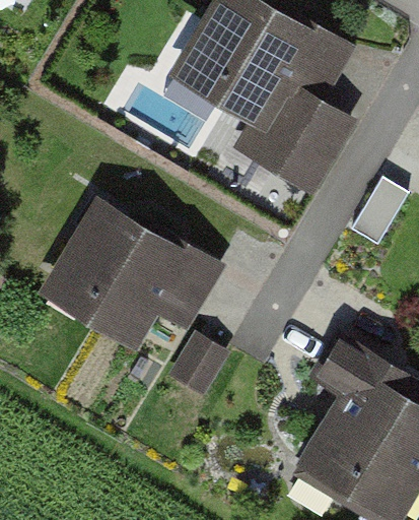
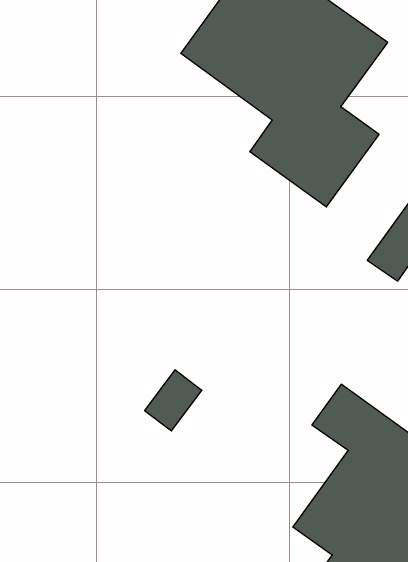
building: [55,205,197,340] -> none

